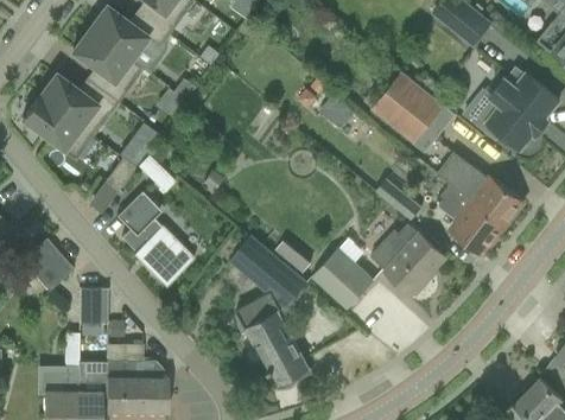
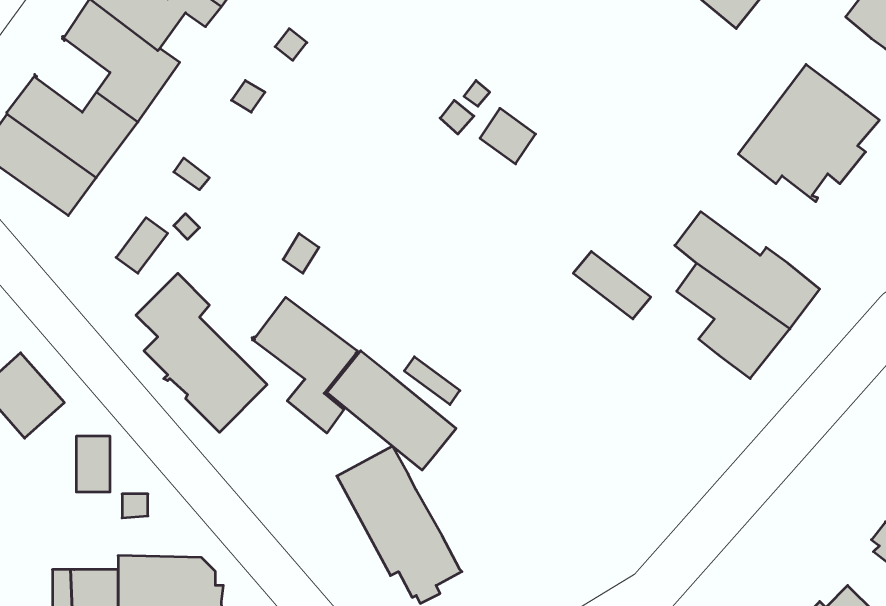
building: [364,71,455,151] -> none
building: none -> [252,297,357,433]
building: [370,224,444,294] -> none
building: [313,249,373,308] -> none

